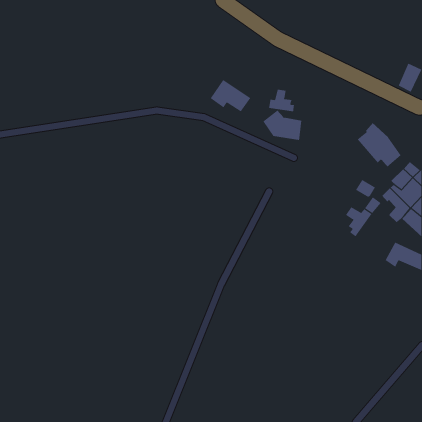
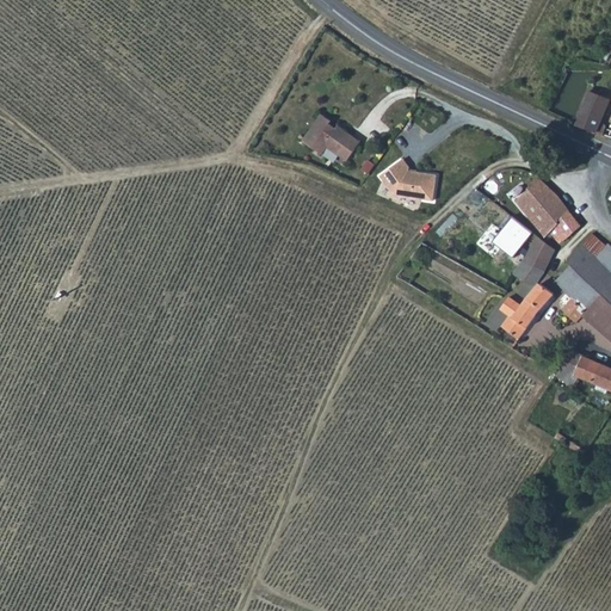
building: [269,89,295,112] -> none
building: none -> [493,217,531,255]
building: none -> [525,235,555,271]

